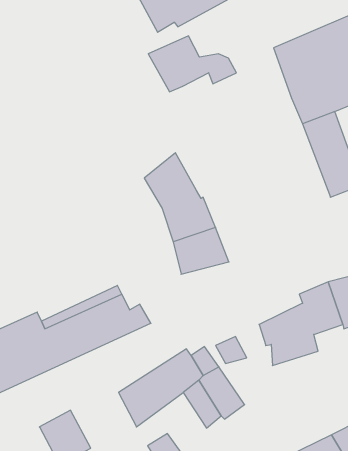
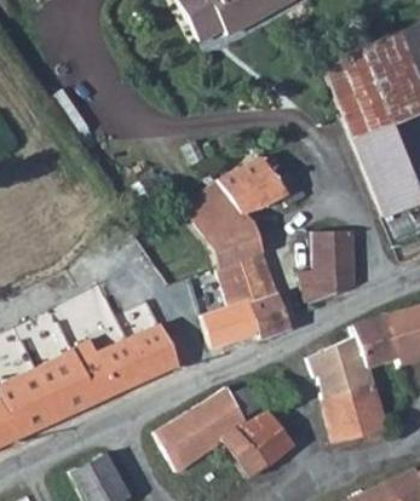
building: [148,36,236,92] -> [219,155,315,215]
building: none -> [301,232,357,309]
building: none -> [201,295,290,351]
building: none -> [324,390,386,444]

